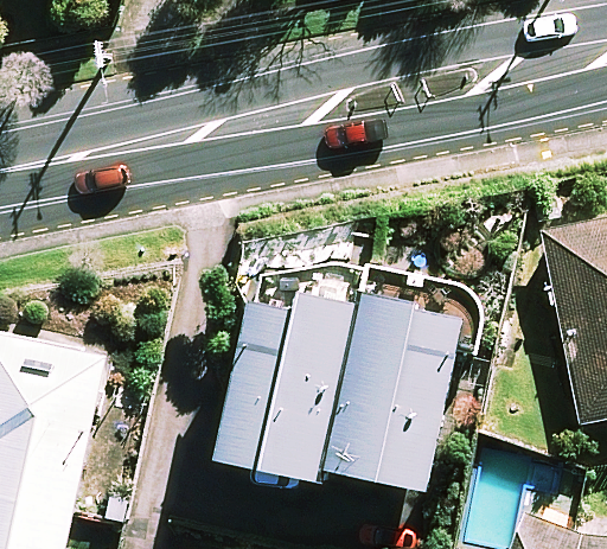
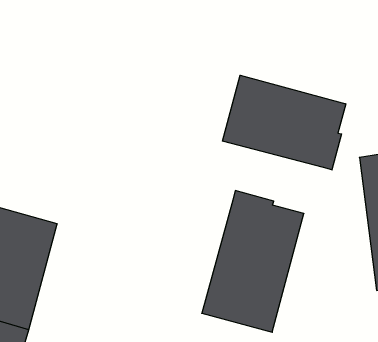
building: none -> [222,75,346,170]
building: [218,293,360,484] -> none

